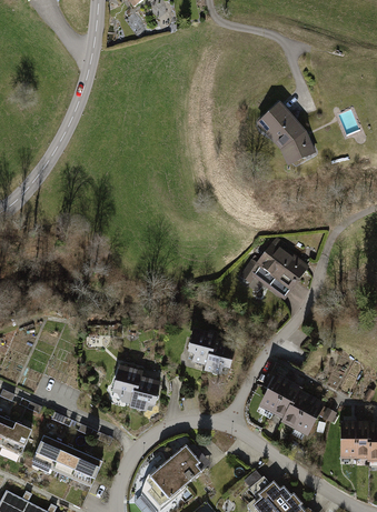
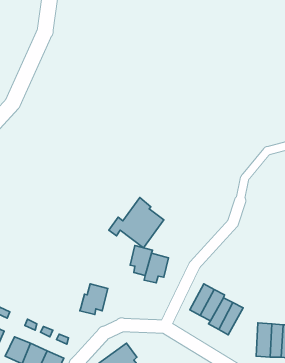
building: [249,96,308,159] -> none
building: [240,238,306,298] -> [109,198,164,248]
building: [111,365,141,404] -> none

